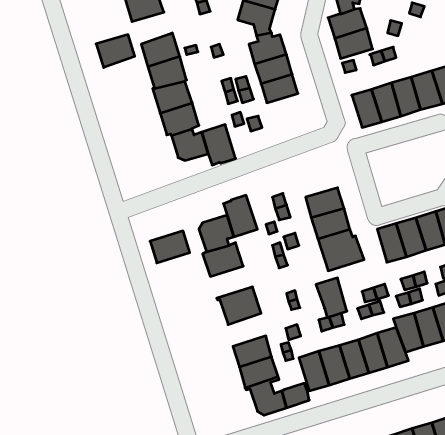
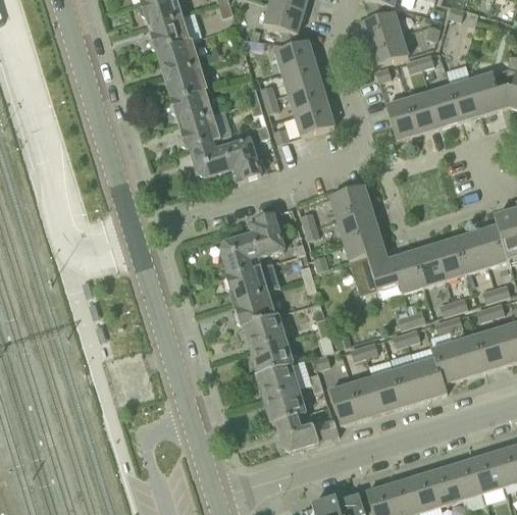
building: [96,35,135,68] -> [149,14,191,50]
building: none -> [295,102,335,135]
building: none -> [329,184,371,214]
building: [150,231,190,263] -> [234,289,276,323]
building: [316,278,347,318] -> [391,249,424,292]
building: none -> [253,340,296,375]

